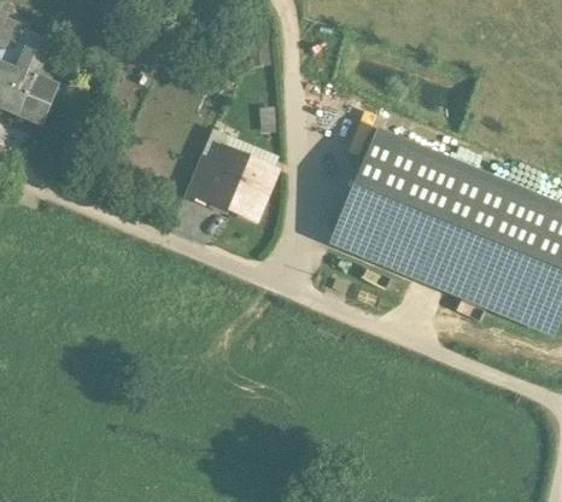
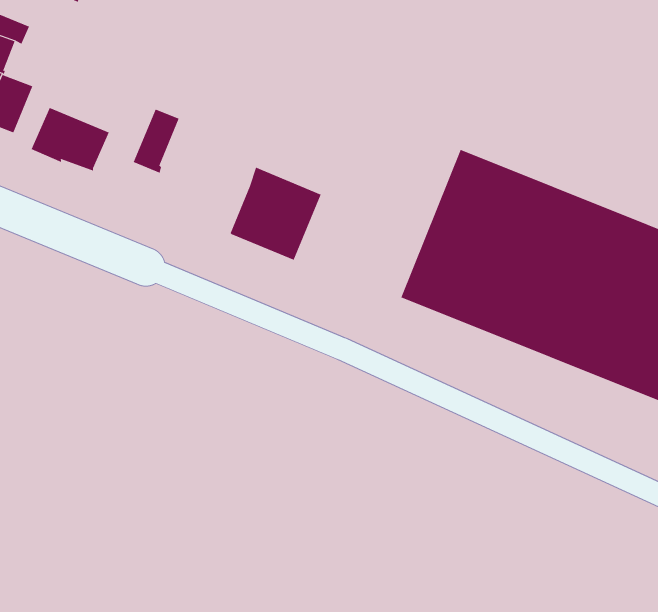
building: none -> [31,107,110,171]
building: [183,153,218,202] -> [133,109,179,173]

